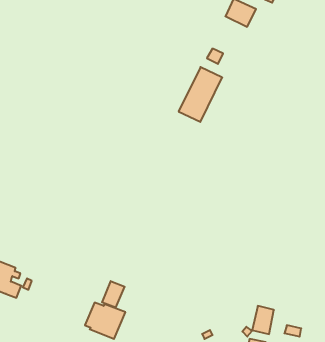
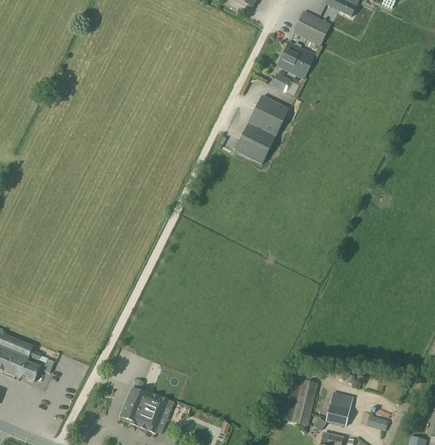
building: none -> [278,41,317,78]
building: [102,281,125,308] -> none
building: none -> [277,375,319,425]

